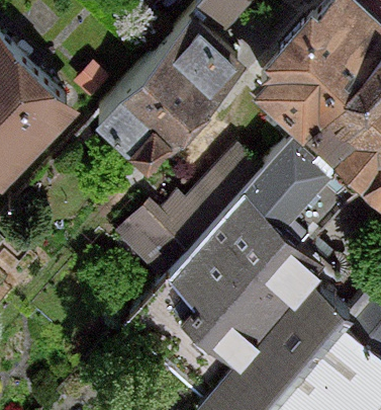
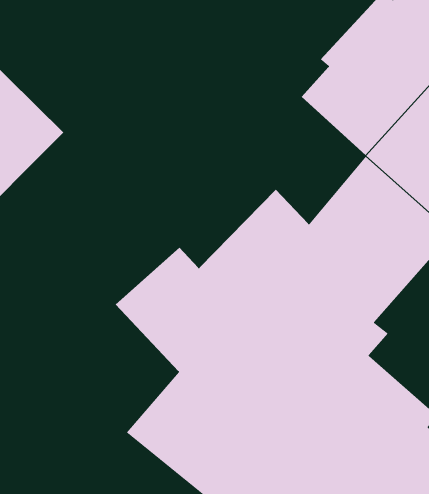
building: [101,20,246,155] -> none

